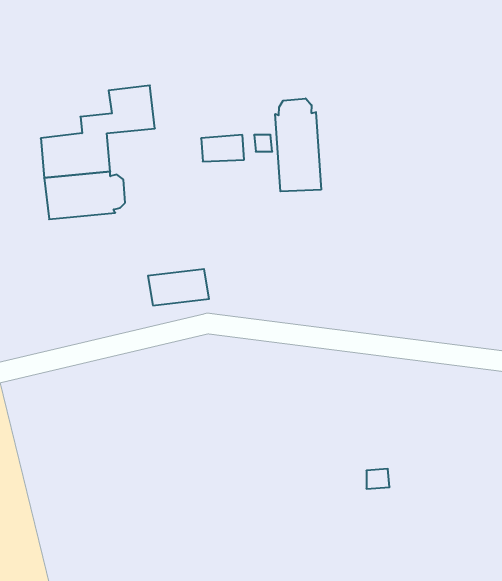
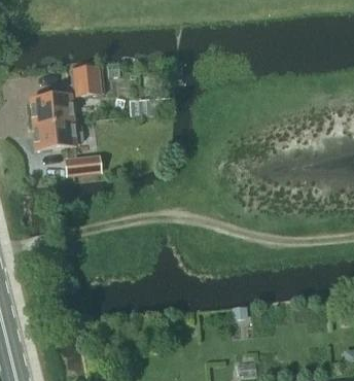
building: [275,98,321,191] -> none
building: [148,269,209,305] -> [65,153,103,176]

